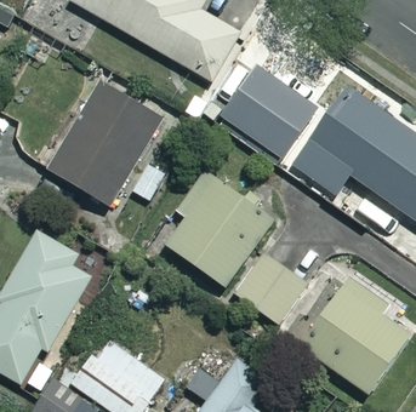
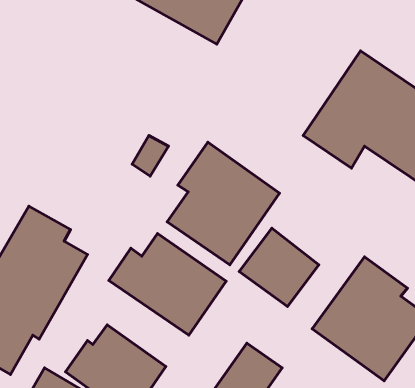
building: [218,63,315,159] -> none
building: [50,81,163,204] -> none
building: none -> [109,234,226,335]

